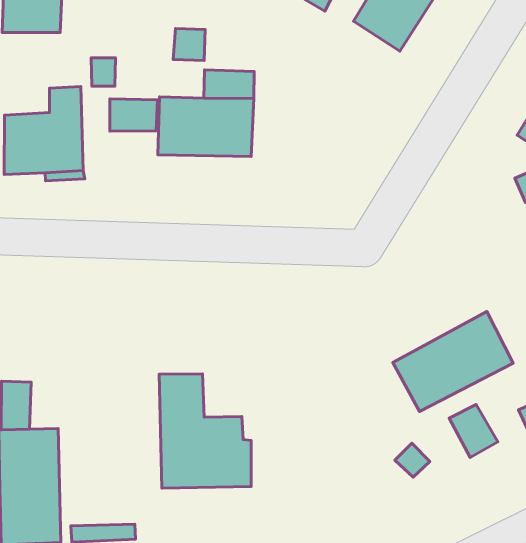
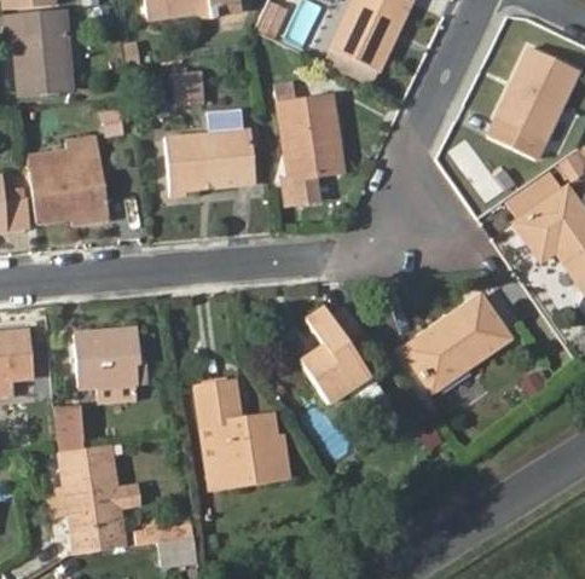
building: none -> [276,82,342,203]
building: [110,99,158,131] -> none
building: none -> [76,329,147,388]
building: none -> [301,307,371,404]
building: [449,405,498,457] -> none

